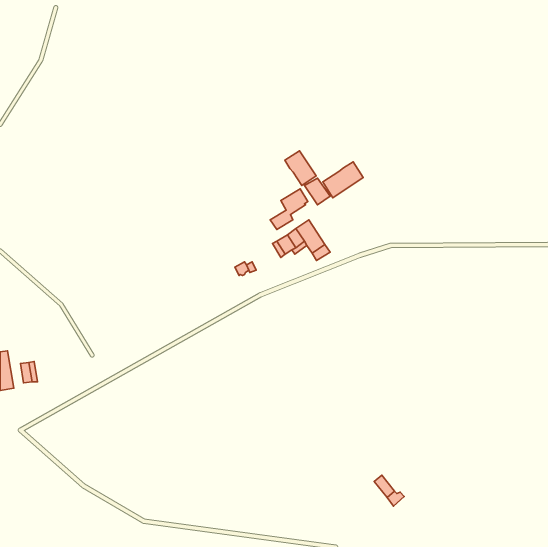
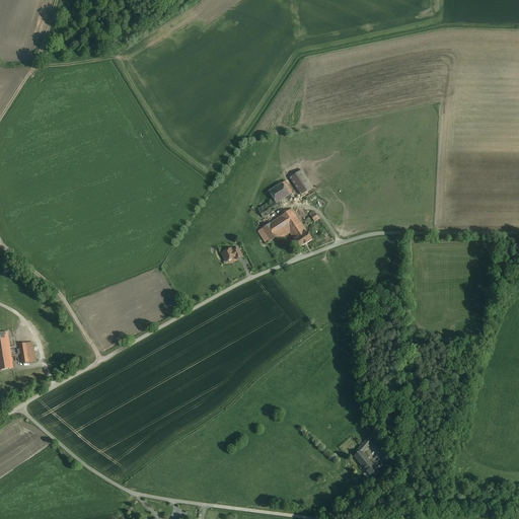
building: [285,151,316,185] -> none
building: [323,162,363,198] -> none

